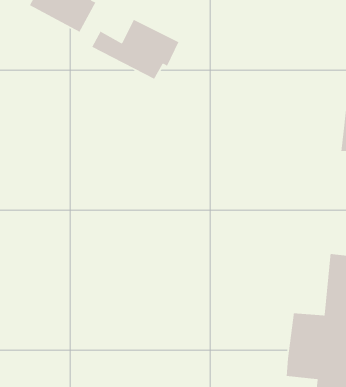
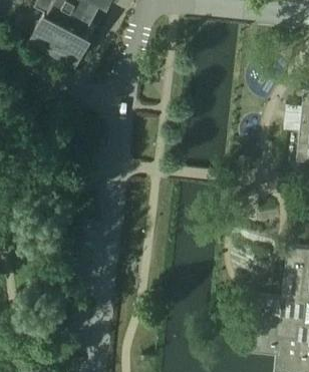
building: [91,19,180,80] -> none

